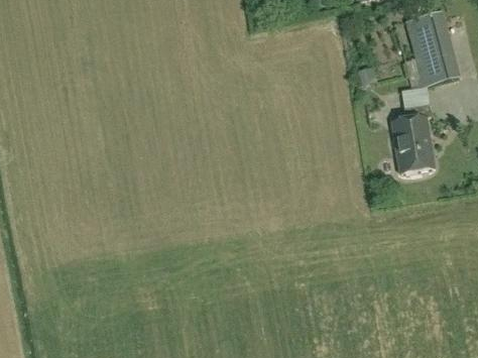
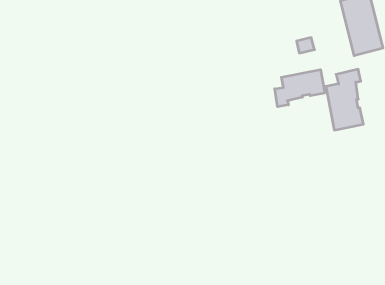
building: none -> [275,70,325,107]

